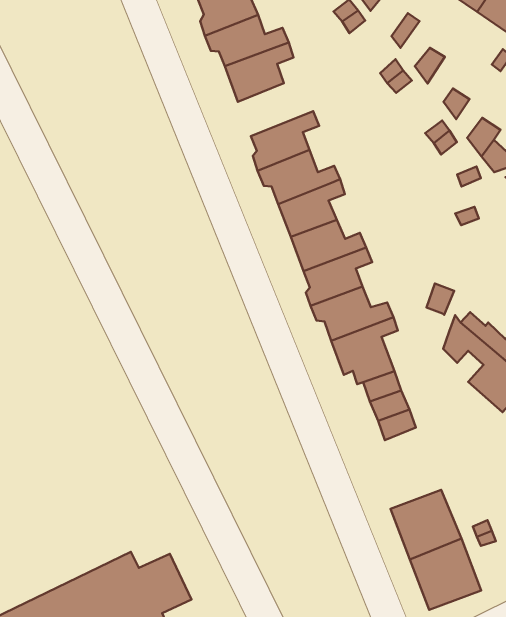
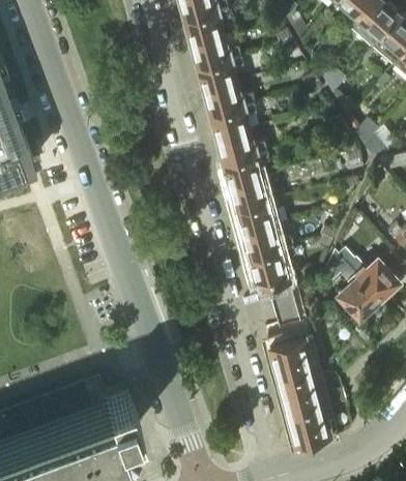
building: none -> [207,84,257,117]
building: none -> [270,331,316,377]

